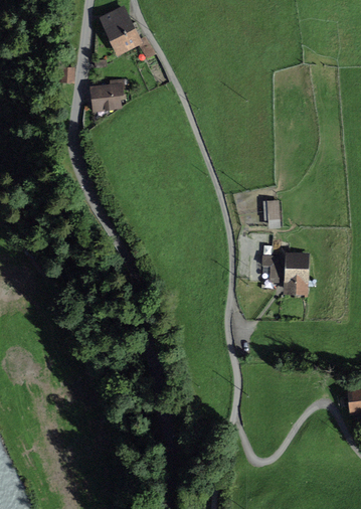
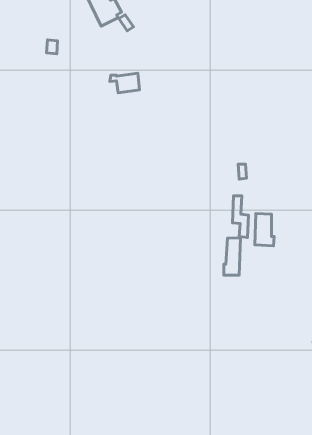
building: [85,86,118,107] -> [110,73,140,93]
building: none -> [224,238,241,275]

